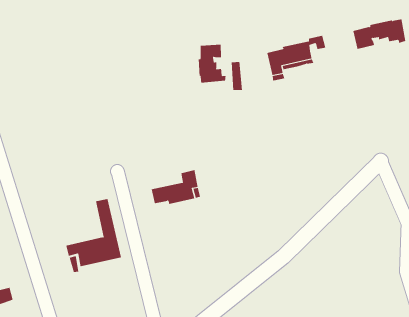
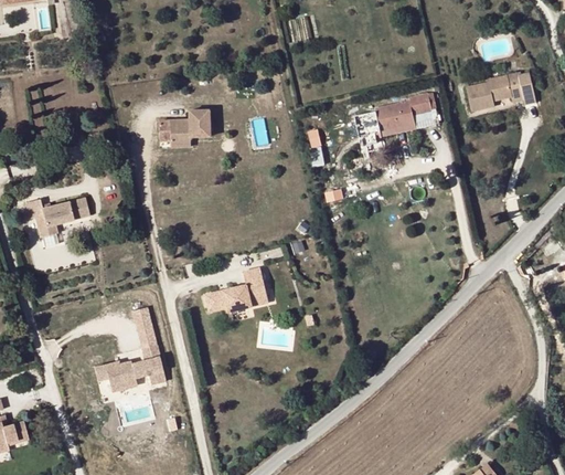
building: [198,44,226,83] -> none
building: none -> [169,112,209,148]
building: none -> [24,194,90,234]

